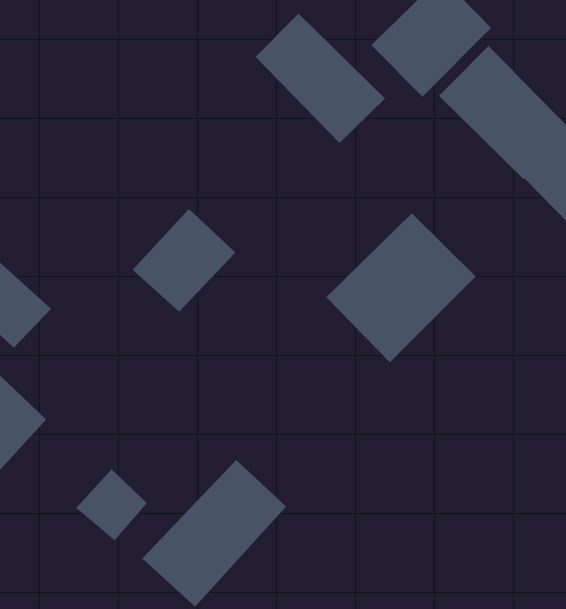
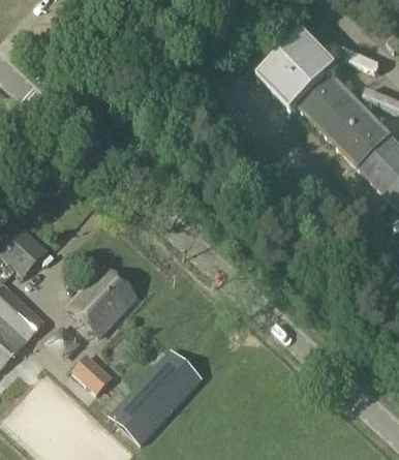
building: [255,13,386,144] -> none
building: [132,208,236,312] -> [68,266,136,334]
building: [325,212,476,363] -> none

